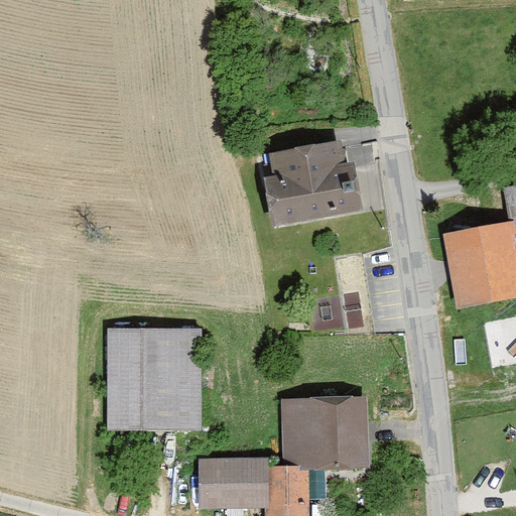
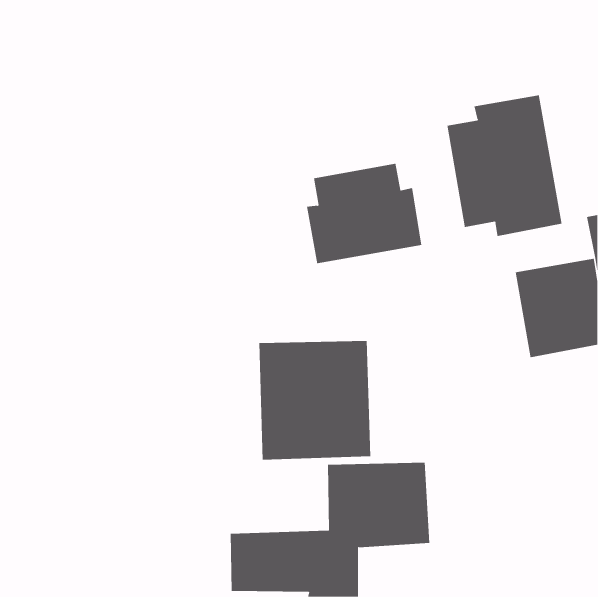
building: none -> [447,95,562,237]
building: [107,329,204,431] -> [258,340,371,460]

